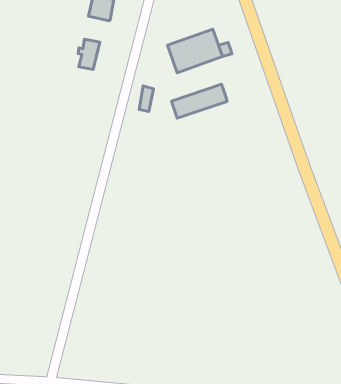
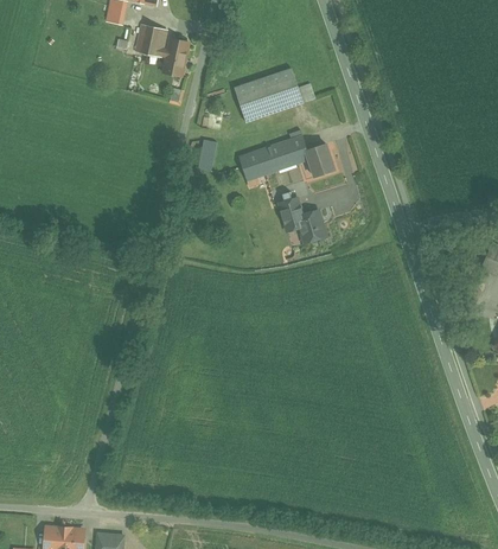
building: [78,39,100,70] -> [162,38,190,76]
building: none -> [307,143,334,177]
building: none -> [279,198,326,242]

